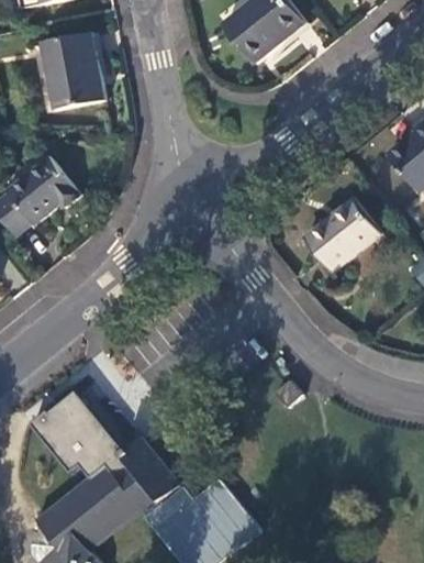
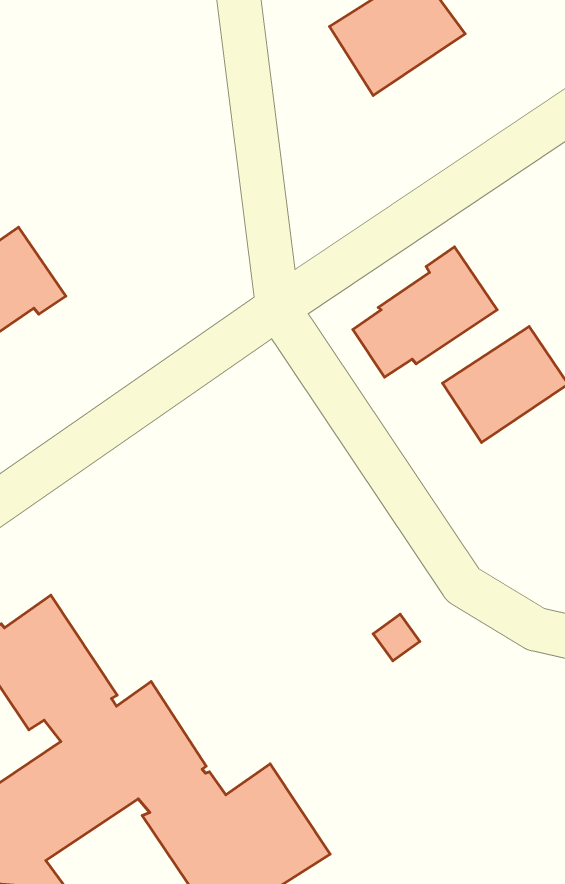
building: [40,45,100,120] -> none
building: none -> [353,247,497,377]

